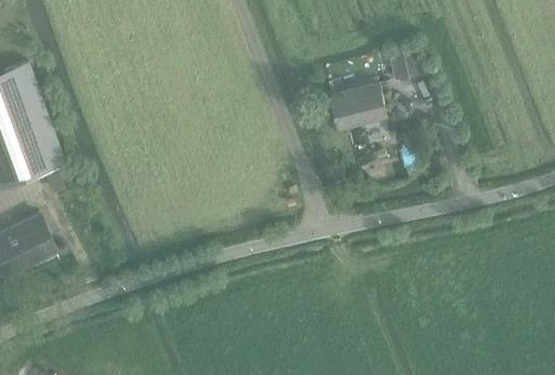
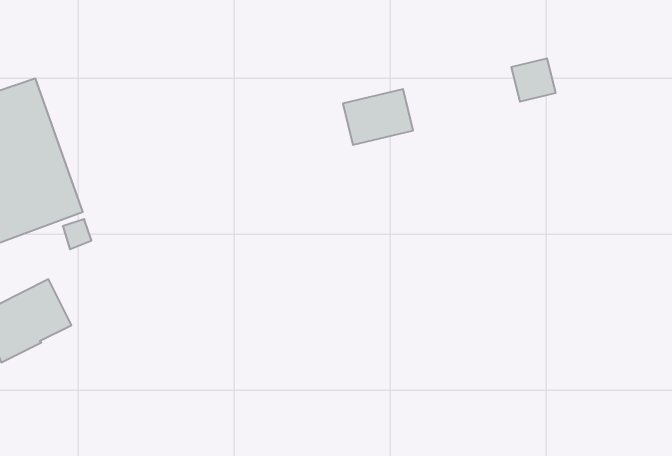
building: [332,87,385,129] -> [343,89,413,145]

